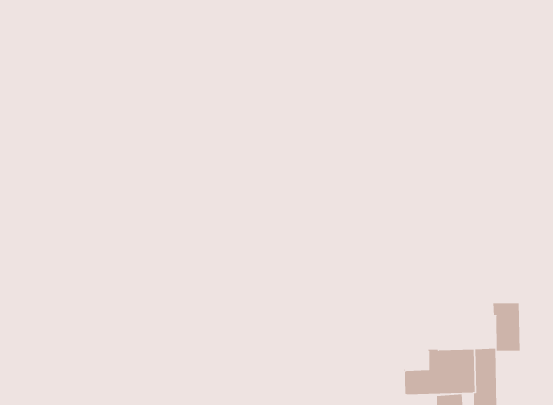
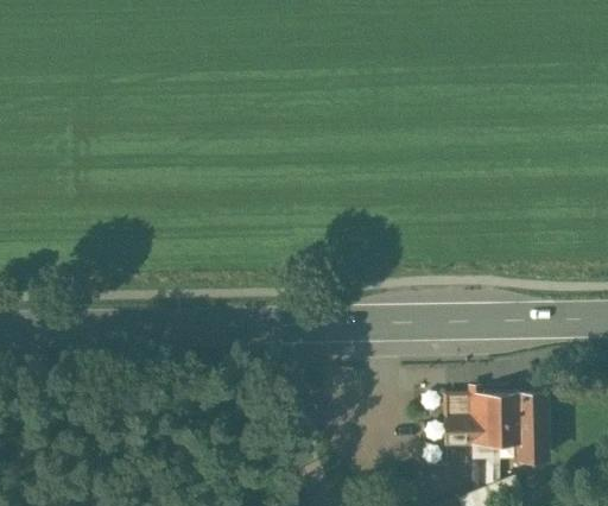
building: [493,302,520,352] -> none

